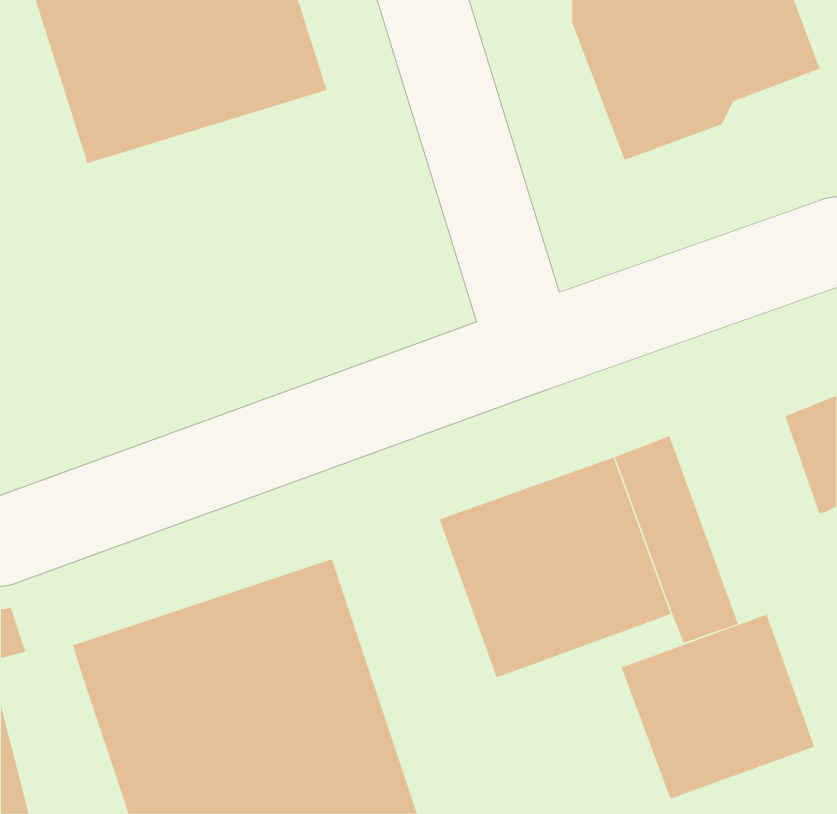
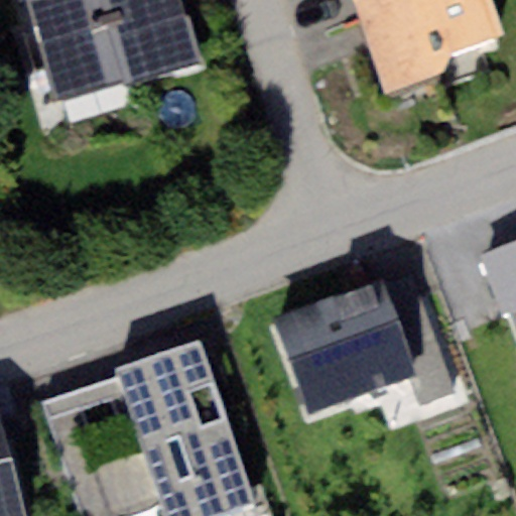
building: [621,614,815,800] -> none

